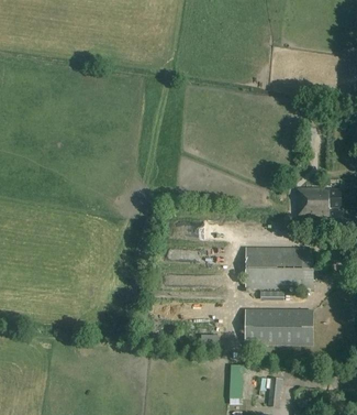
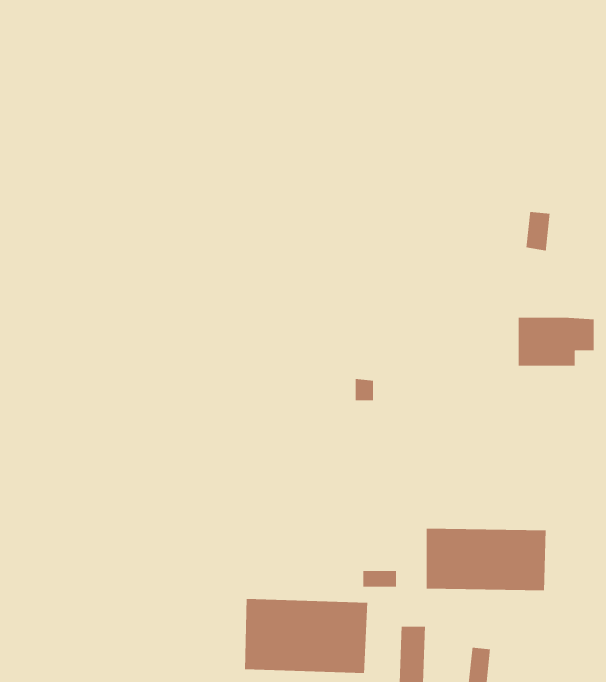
building: [246,248,314,288] -> none
building: none -> [244,598,368,674]

